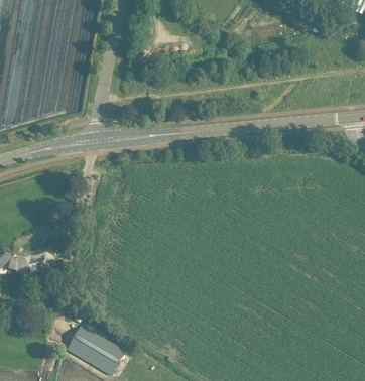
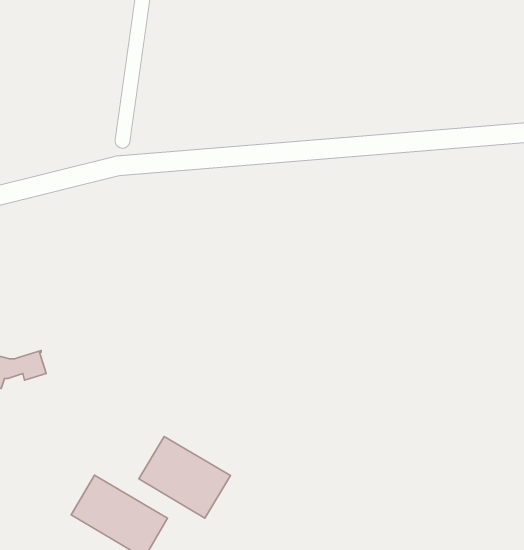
building: none -> [139,436,230,518]

